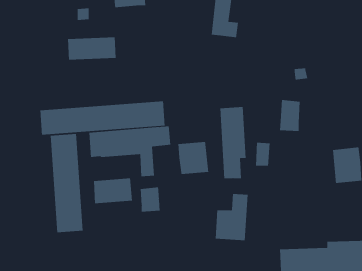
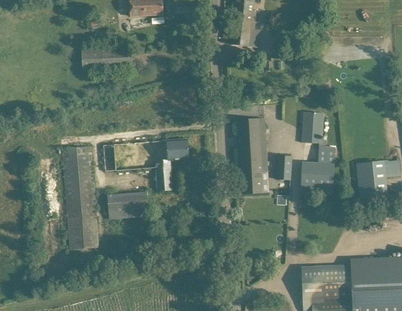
building: [40,100,165,135] -> none
building: [178,141,209,175] -> none
building: [140,187,160,212] -> none
building: [215,194,248,241] -> [300,146,335,195]

